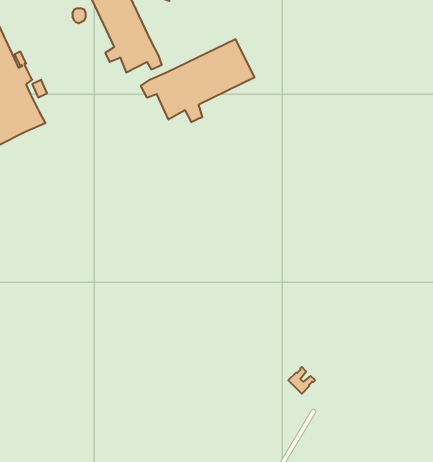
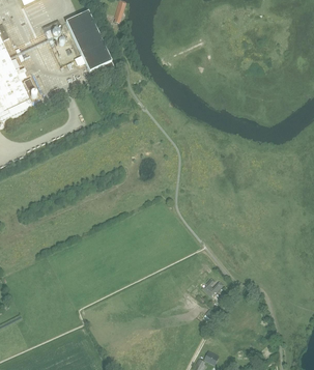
building: [141,39,254,122] -> none

